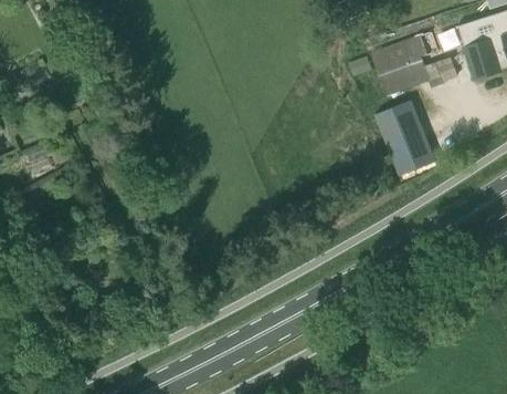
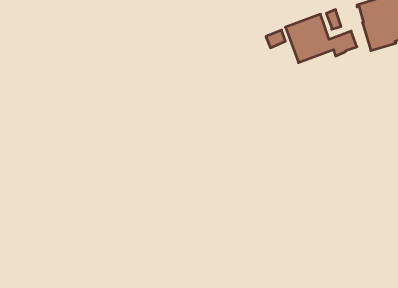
building: [373,98,433,173] -> none

